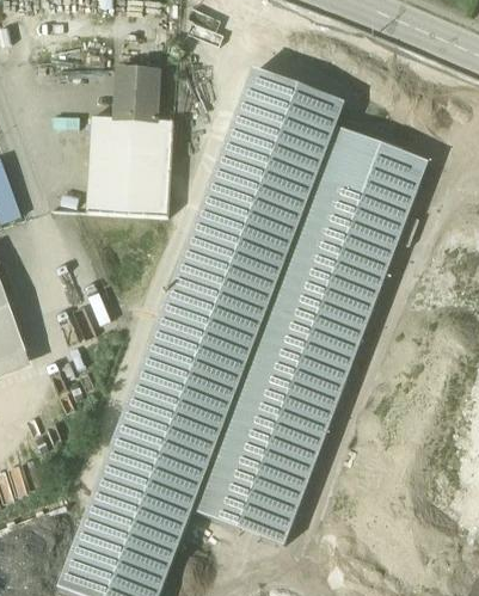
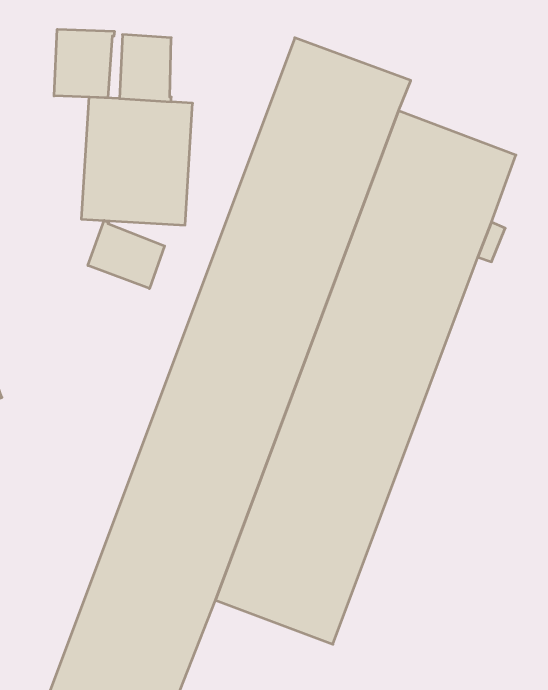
building: none -> [54,29,114,98]
building: none -> [88,220,165,289]

